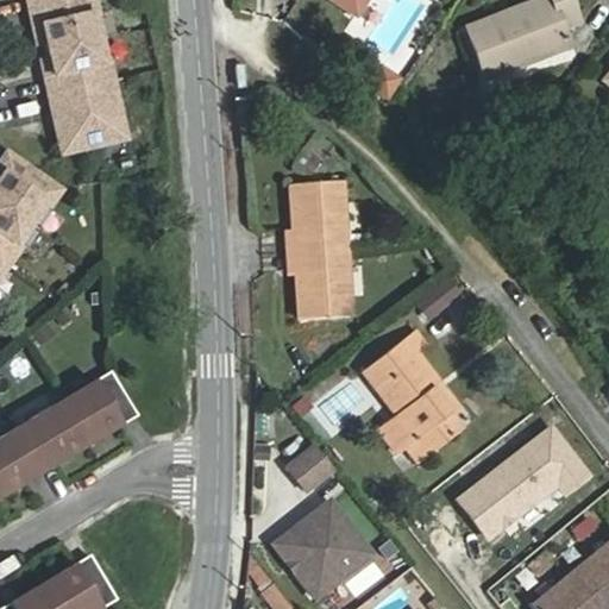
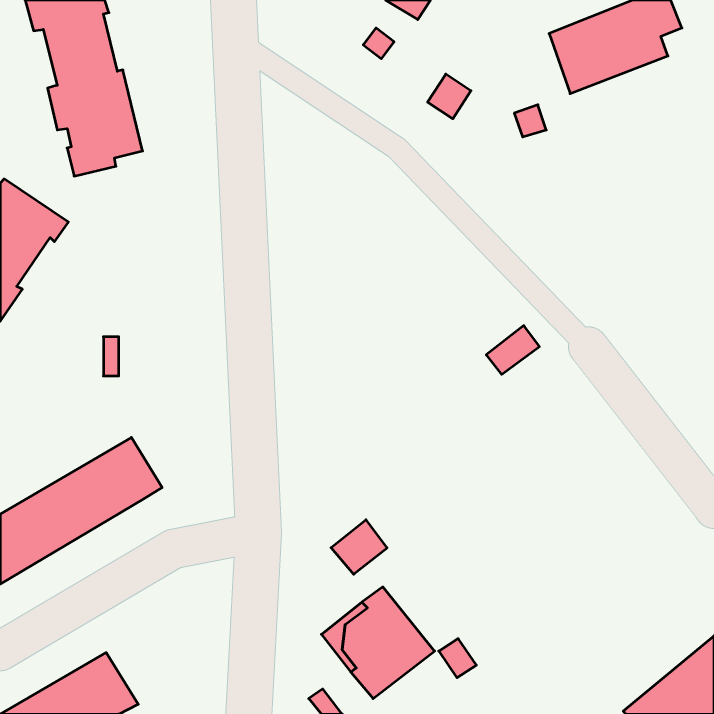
building: [290,182,352,319] -> none
building: [363,338,463,464] -> none
building: [452,423,594,541] -> none

